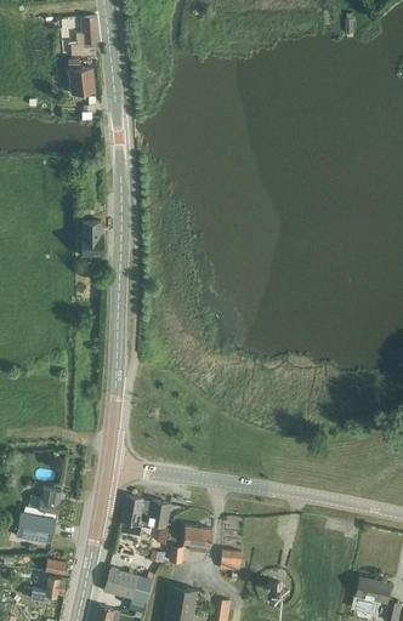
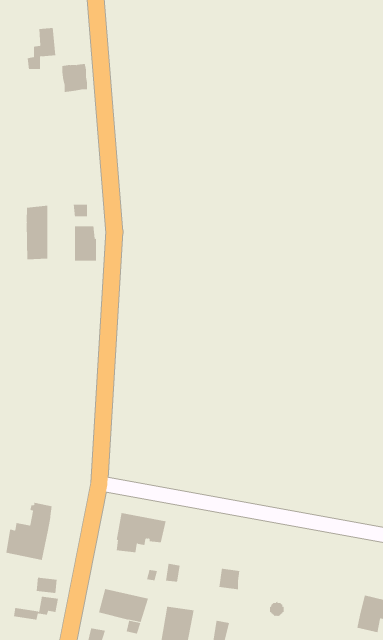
building: [70,16,98,56] -> [27,28,56,69]
building: none -> [26,205,48,260]
building: [183,525,212,552] -> none

